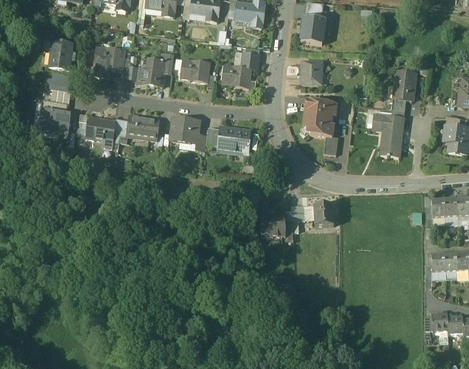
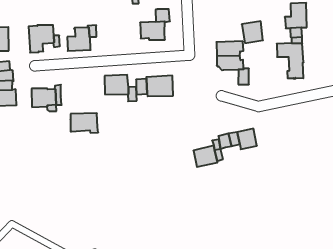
building: [181,59,211,82] -> none
building: [301,61,323,83] -> [242,21,263,43]
building: [127,115,160,141] -> [70,113,98,133]

